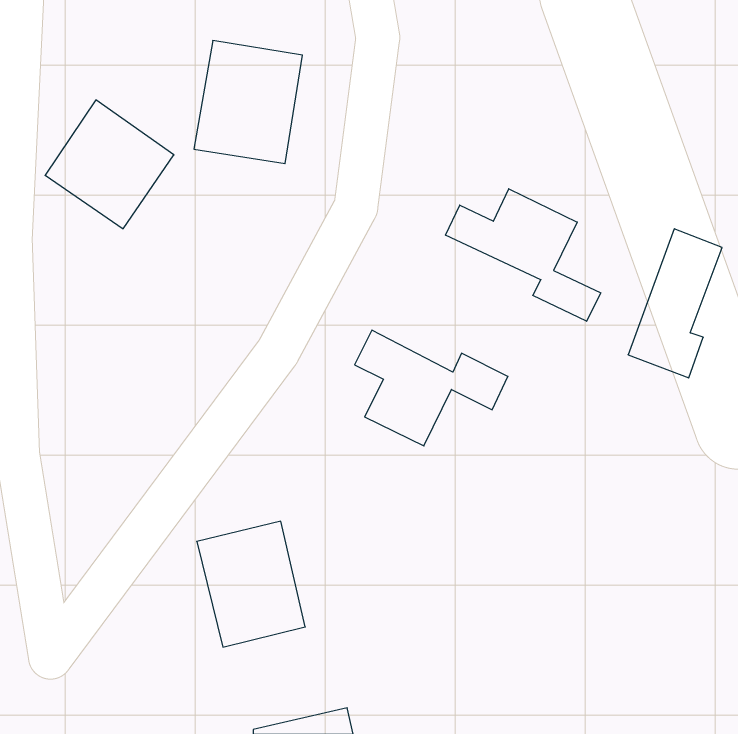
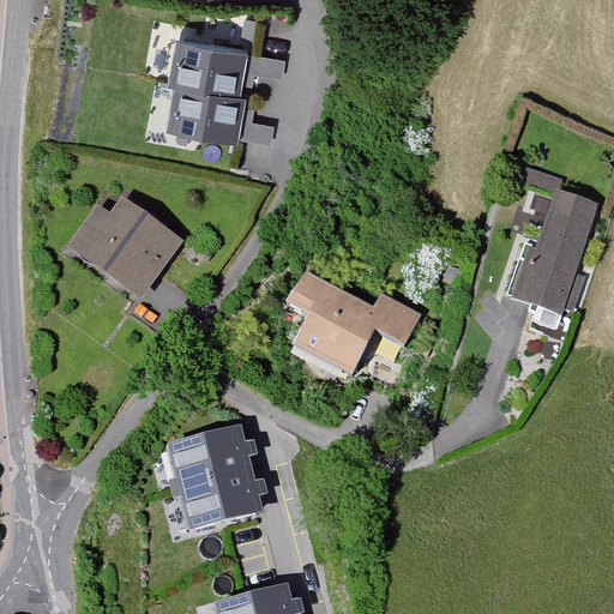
building: [45,100,174,229] -> [73,193,180,300]
building: [446,189,601,321] -> none

